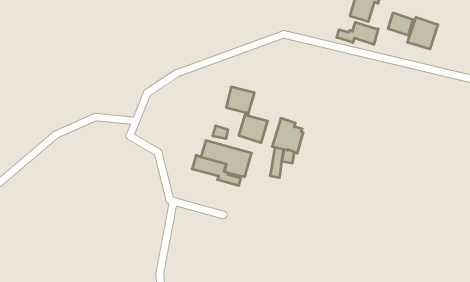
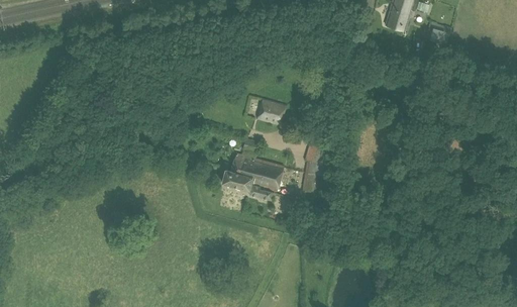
building: [408,17,438,49] -> none
building: [337,22,378,45] -> none
building: [239,115,268,143] -> none

